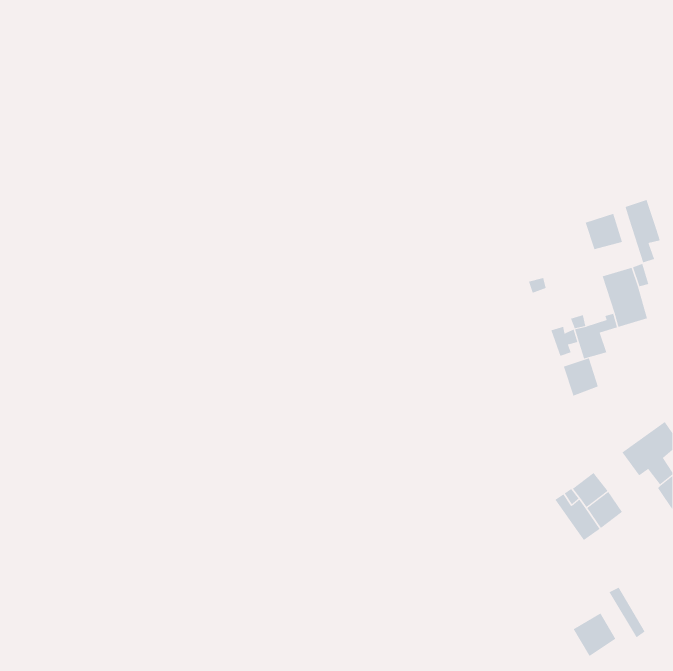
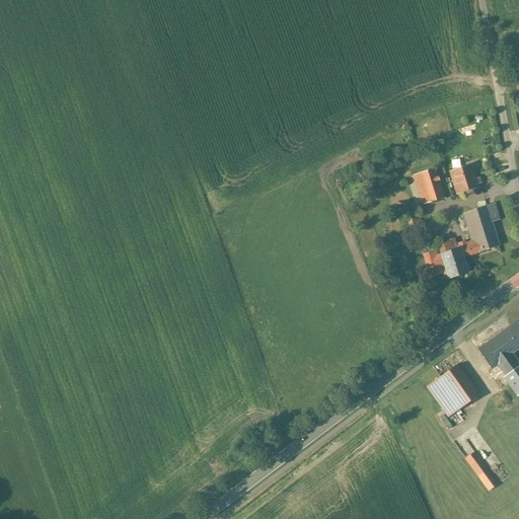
building: [625,199,660,263] -> none
building: none -> [414,168,444,204]
building: [563,358,598,397] -> none
building: [573,612,616,657] -> none

